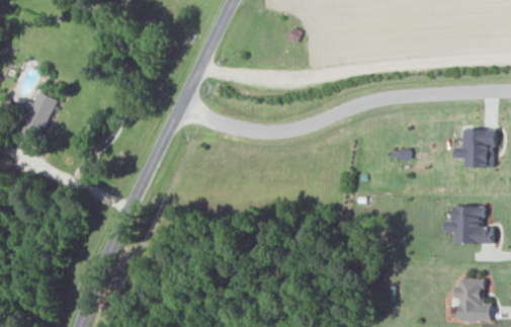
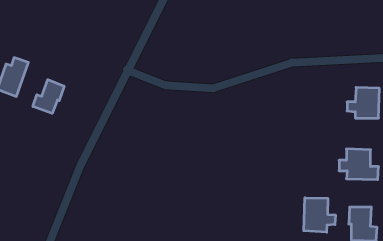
building: none -> [33,80,64,113]
building: none -> [304,198,335,232]

